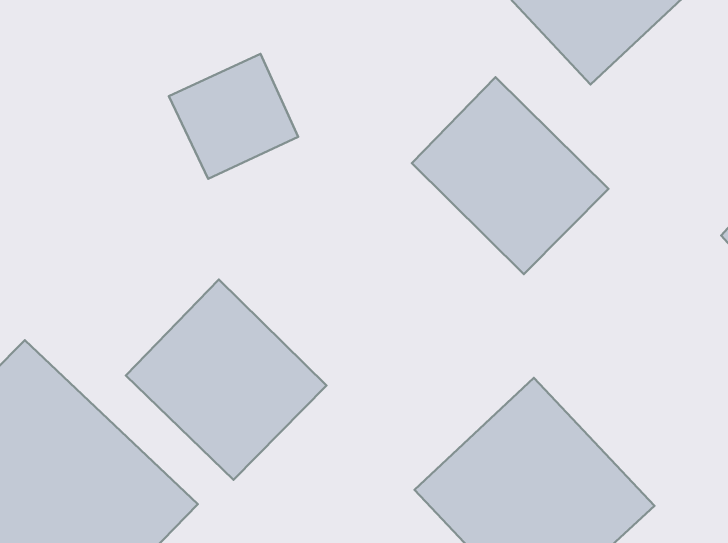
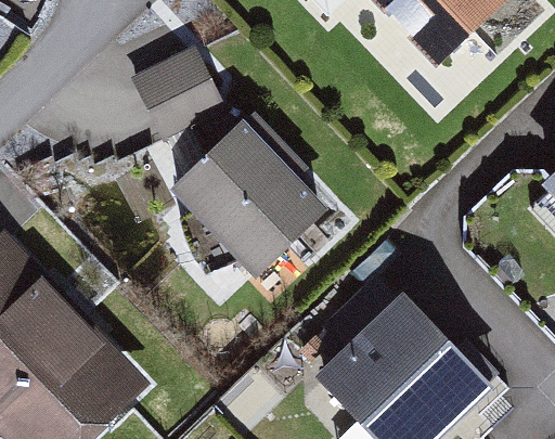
building: [412,77,609,274] -> none
building: [126,279,327,480] -> [176,127,325,276]

